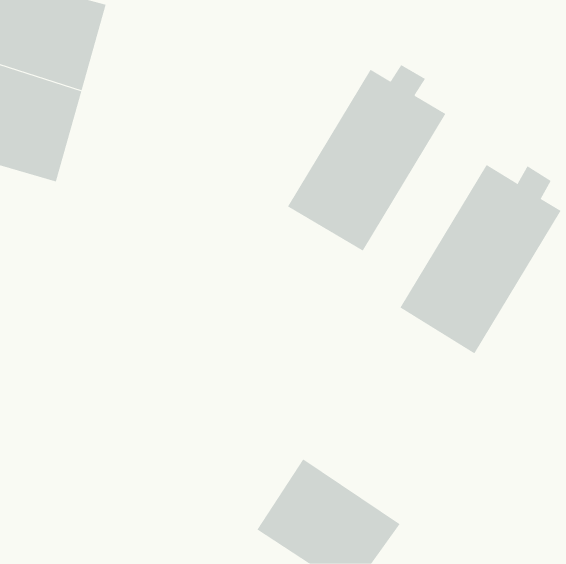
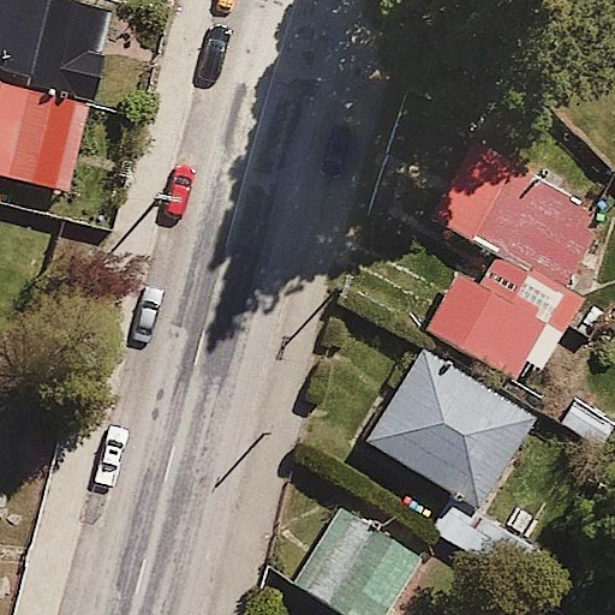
building: [287,64,446,251] -> none
building: none -> [352,333,536,563]

